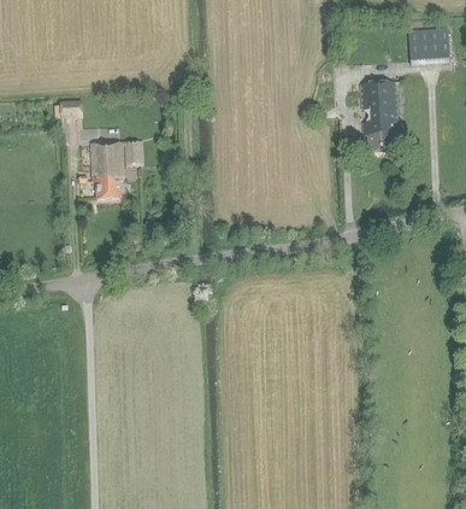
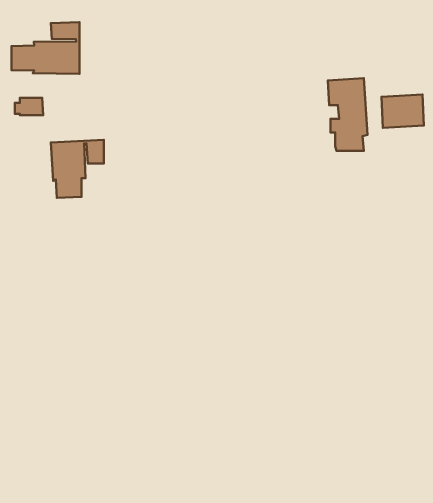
building: none -> [12,22,79,74]
building: [408,27,449,59] -> [382,94,424,128]

